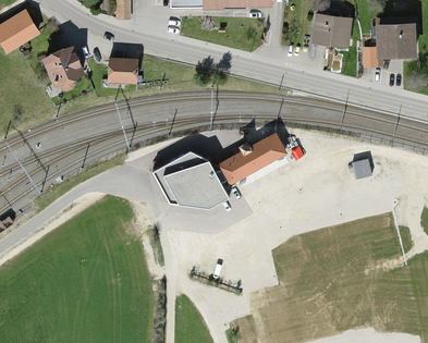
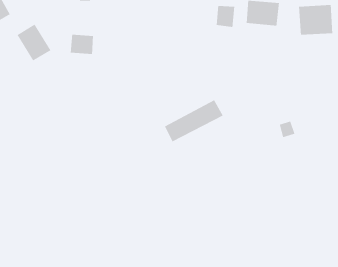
building: none -> [216,5,235,28]
building: [154,150,229,208] -> none

